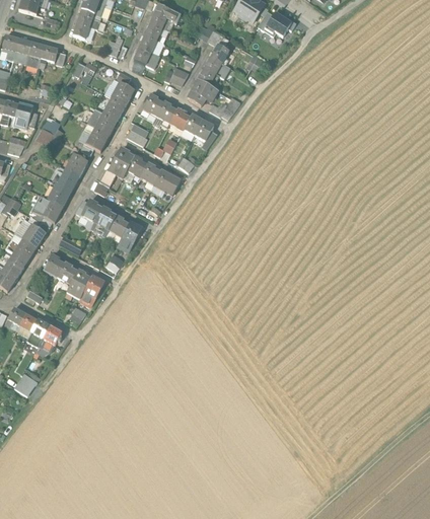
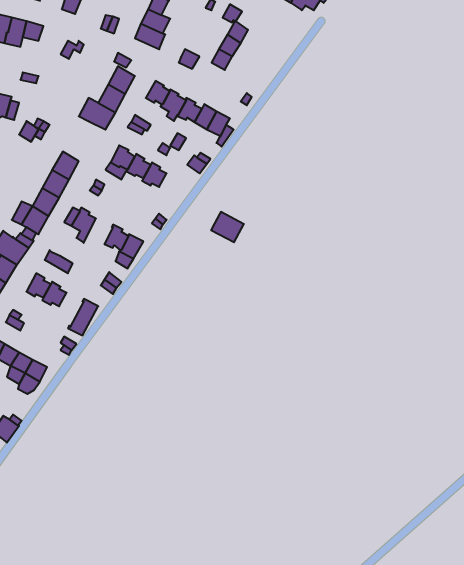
building: [187,79,217,105] -> none
building: [79,128,110,151] -> none
building: [153,169,181,195] -> [211,212,244,242]
building: [91,207,116,236] -> none
building: [66,269,91,299] -> none

